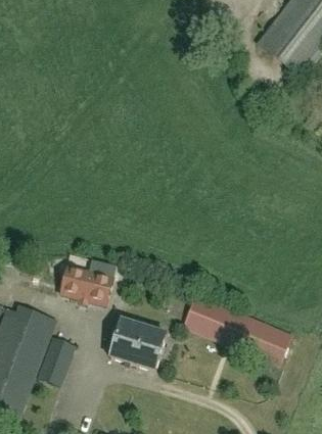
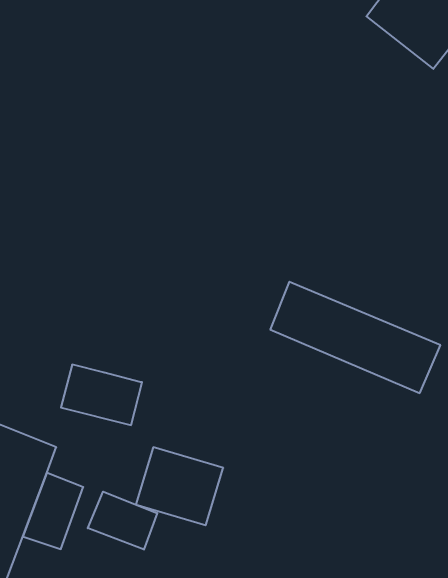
building: [184,294,293,366] -> [270,282,440,393]
building: none -> [88,492,157,550]

